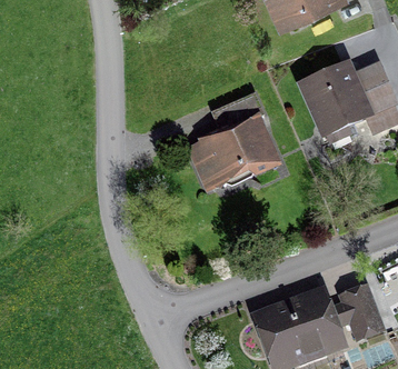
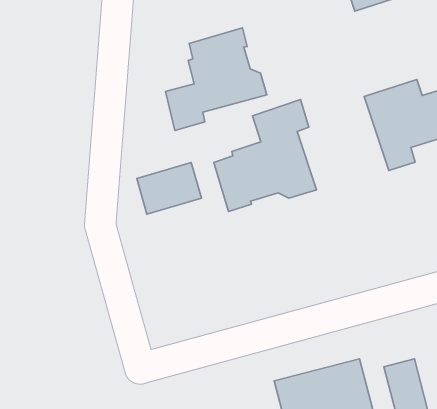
building: none -> [165,28,267,130]
building: none -> [137,162,201,214]

